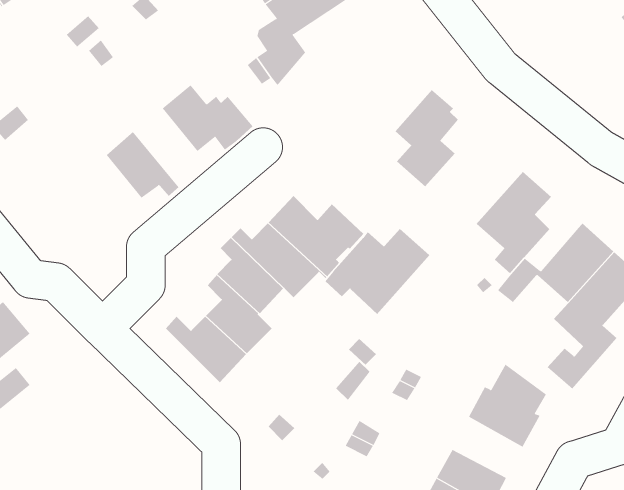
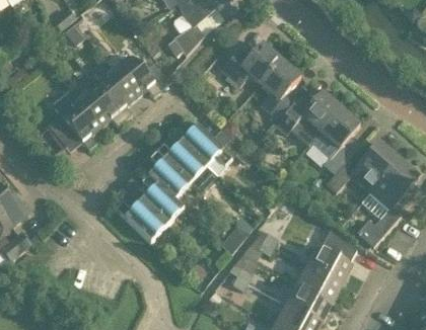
building: none -> [222,43,284,85]
building: none -> [95,70,136,119]
building: none -> [48,91,100,149]
building: [324,228,430,315] -> [275,92,342,147]
building: none -> [297,264,342,303]

